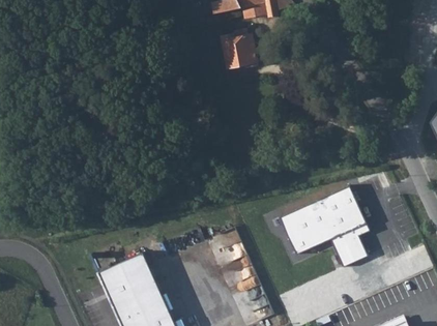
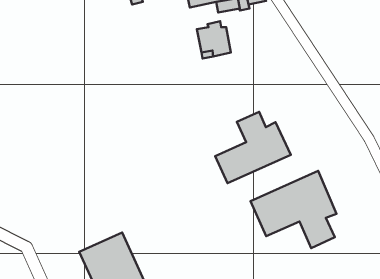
building: none -> [215,112,291,183]

